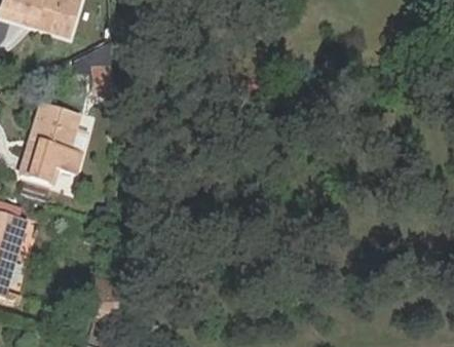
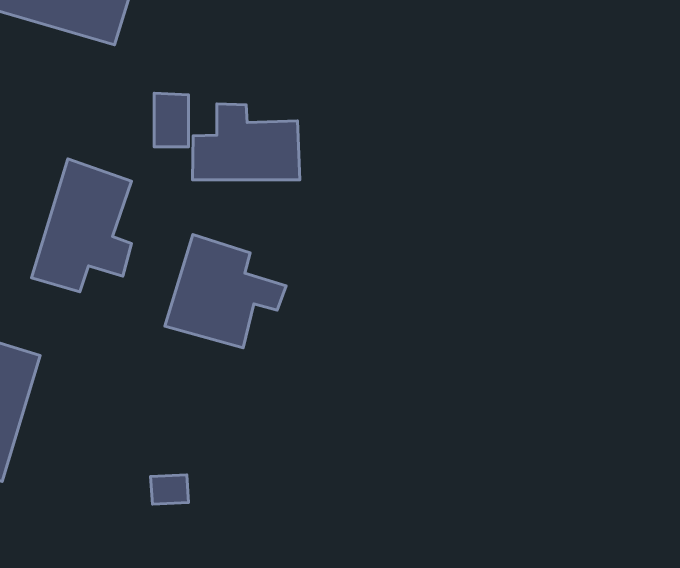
building: none -> [192,104,300,180]
building: none -> [165,235,286,348]

